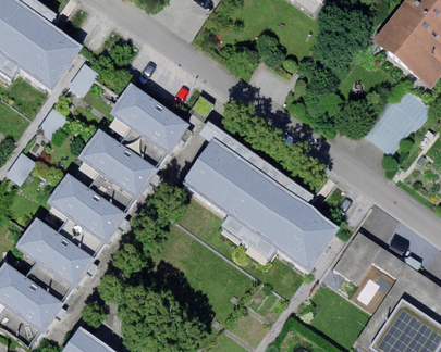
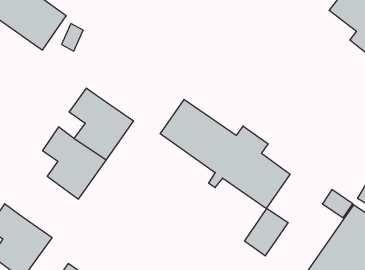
building: [113,86,187,168] -> none
building: [20,219,93,302] -> none
building: [333,230,383,285] -> [245,209,288,256]

